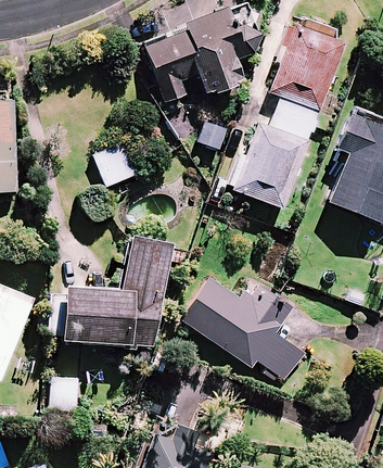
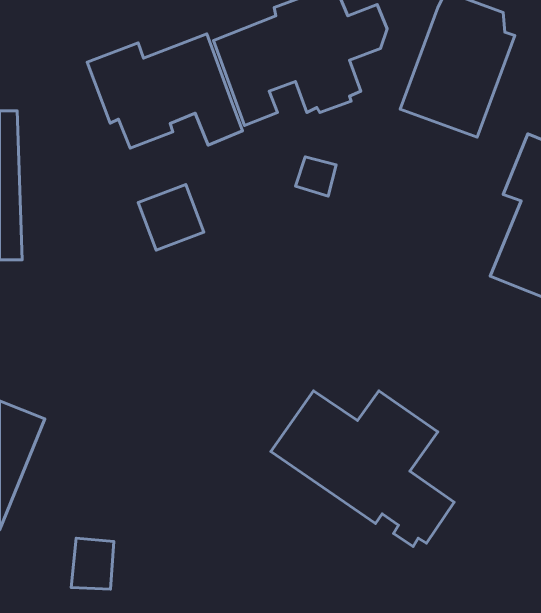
building: none -> [87,34,243,148]
building: [232,92,319,208] -> none
building: [48,239,166,350] -> none

